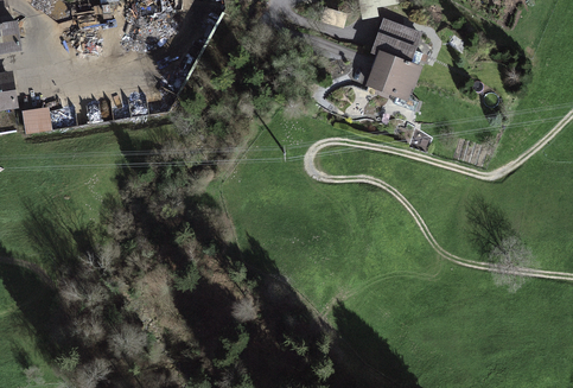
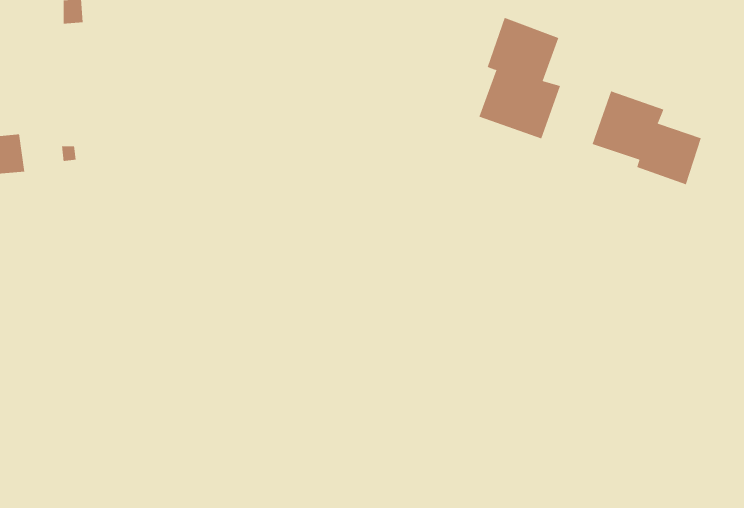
building: none -> [592,91,701,185]

